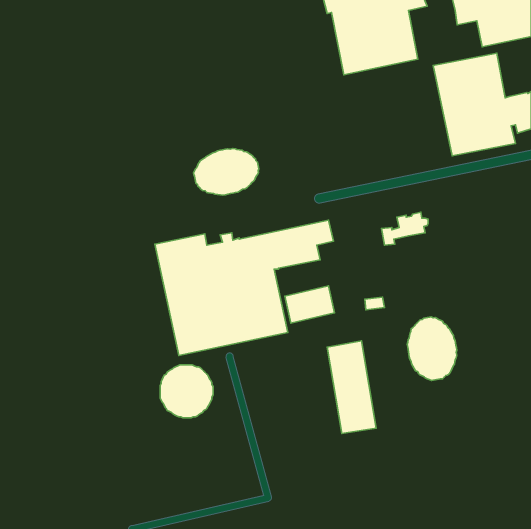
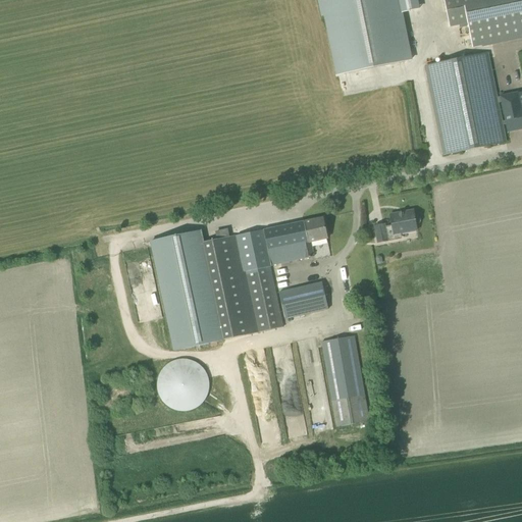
building: [194,149,259,195] -> none
building: [407,317,457,381] -> none

